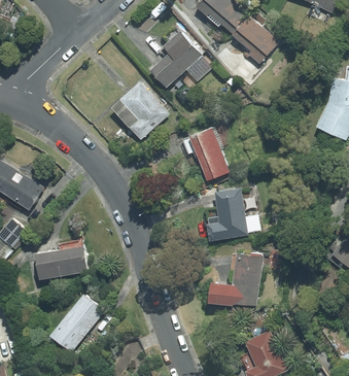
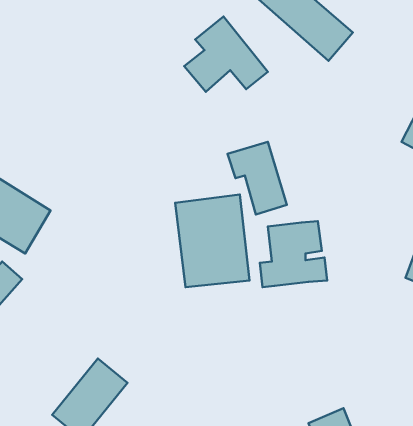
building: [109,80,168,139] -> none
building: none -> [175,195,249,287]
building: [36,240,84,277] -> none
building: [210,252,260,304] -> none

